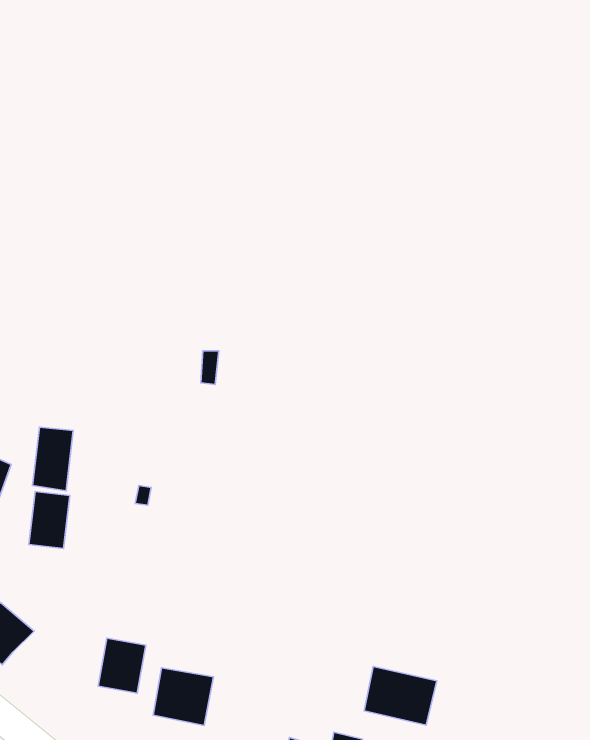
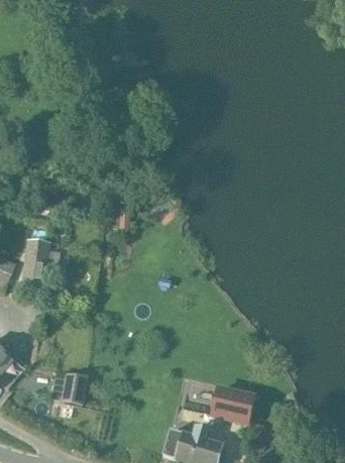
building: [29,491,70,549] -> none
building: [153,668,213,725] -> none

